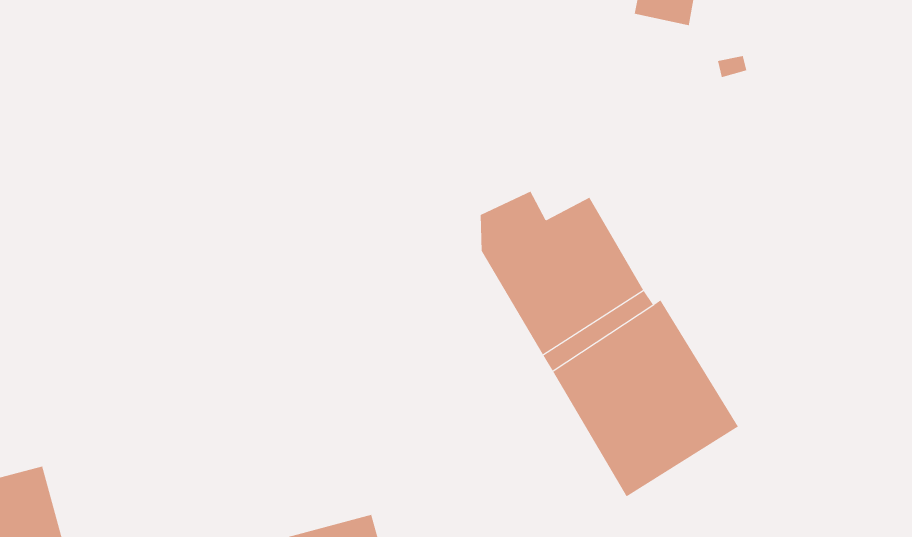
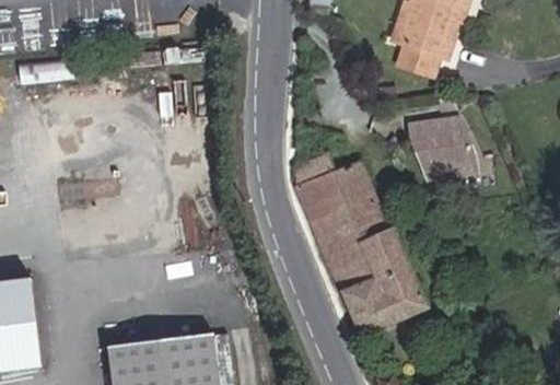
building: none -> [411,118,481,179]

